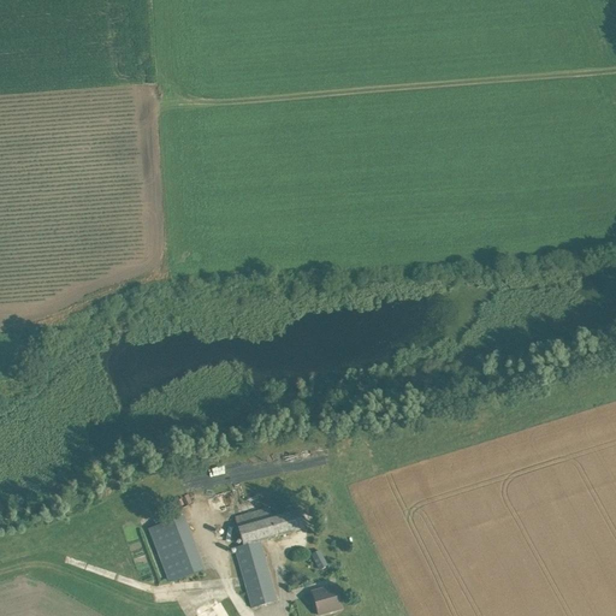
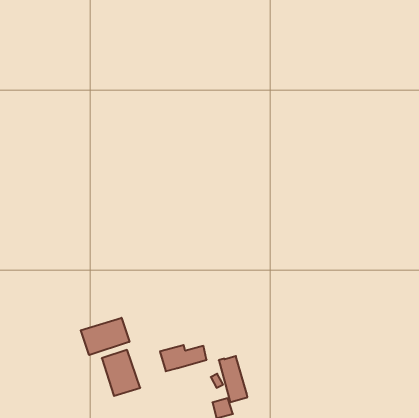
building: none -> [81,318,129,355]
building: [235,540,277,608] -> [219,356,247,402]

